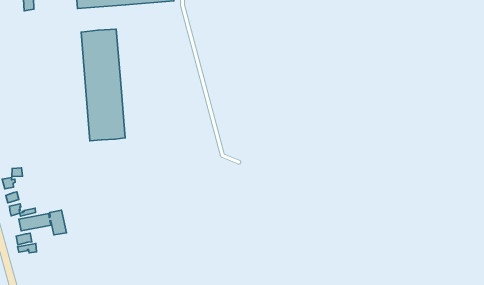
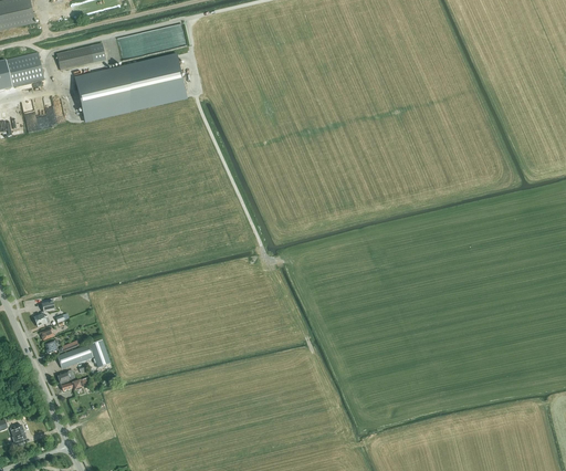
building: [81,29,125,141] -> none

